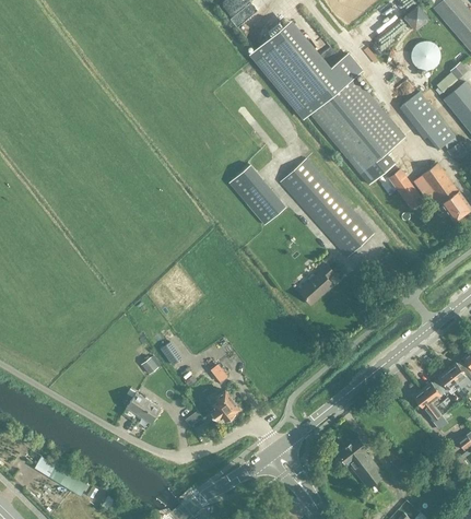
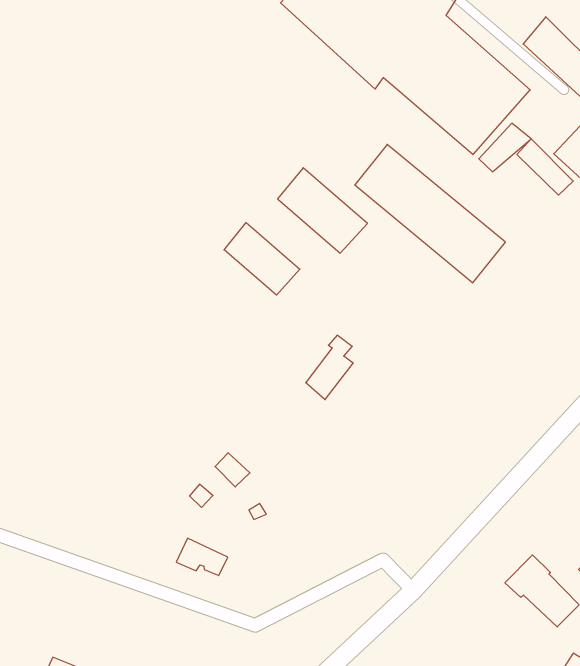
building: none -> [224,223,300,295]
building: [299,264,333,305] -> [306,335,353,400]
building: [210,391,238,423] -> none

